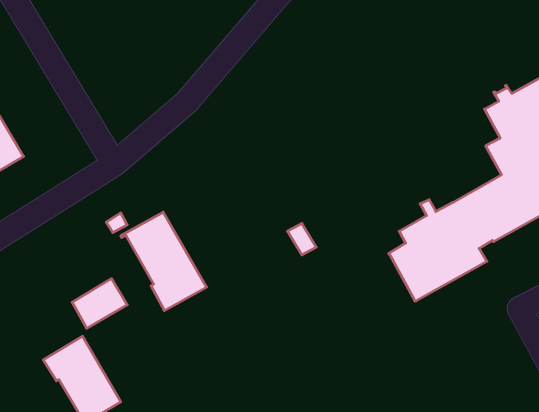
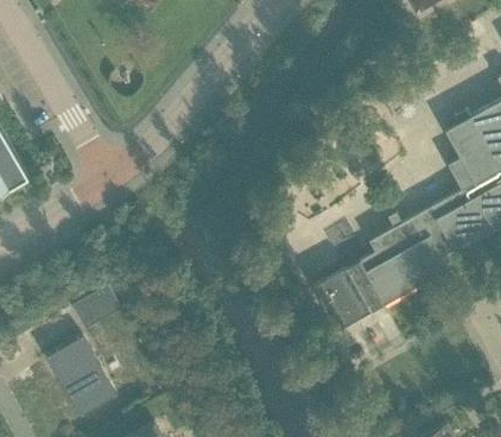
building: [121,212,207,311] -> none
building: none -> [311,262,381,330]

